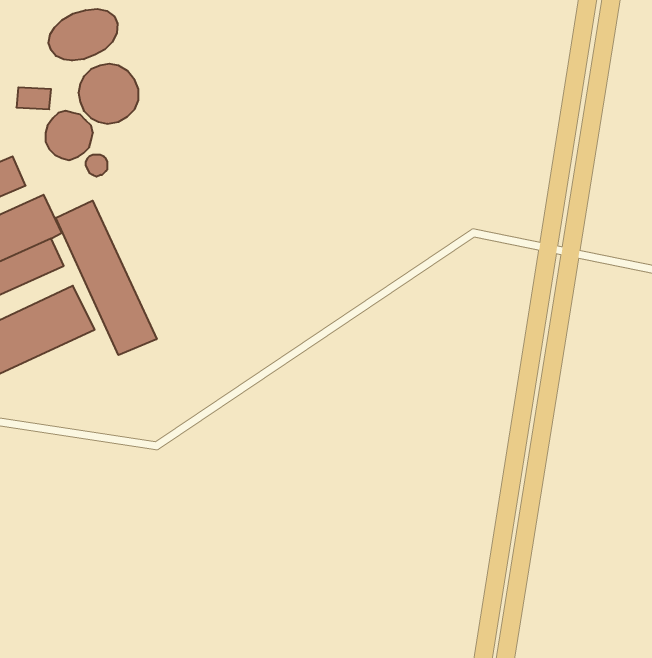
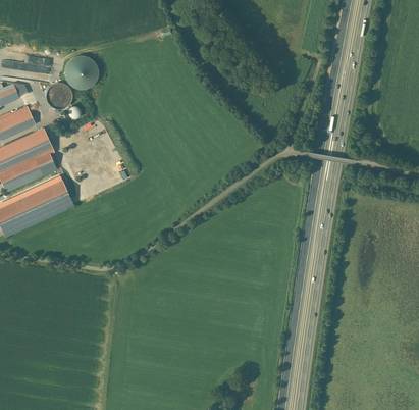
building: [48,9,117,61] -> none
building: [56,201,157,355] -> none

